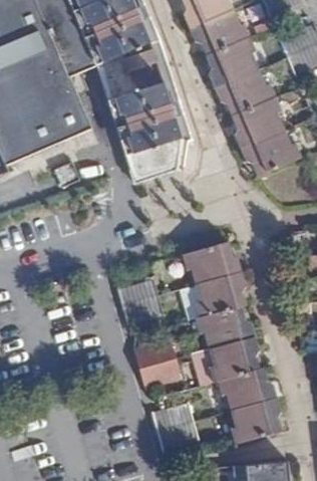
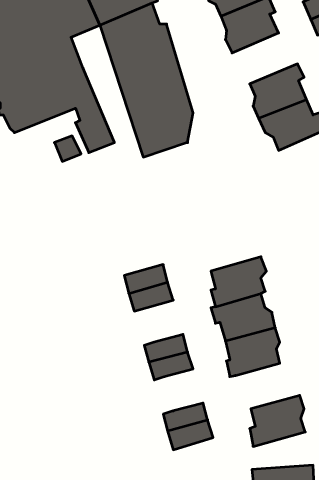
building: [215,68,274,114] -> none
building: [182,241,241,284] -> none
building: [218,367,276,409] -> none

